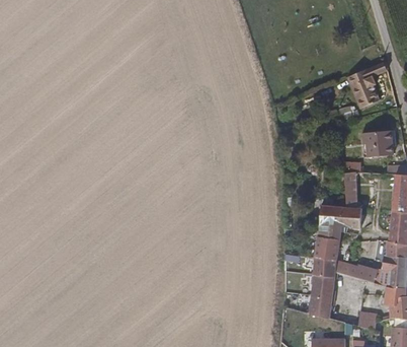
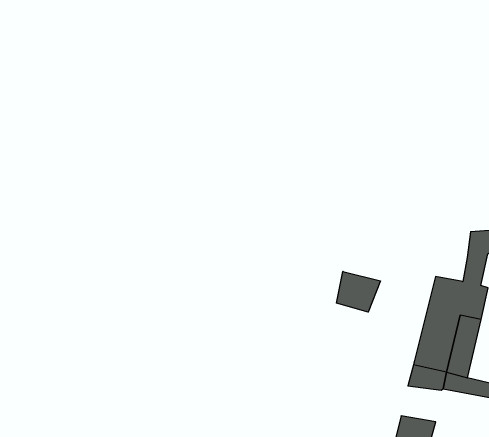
building: none -> [337,271,380,312]
building: [310,278,334,299] -> none

